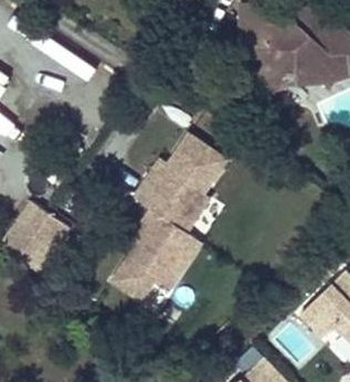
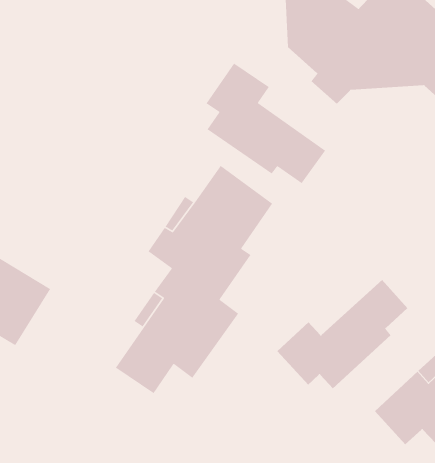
building: none -> [205,62,326,184]
building: none -> [277,279,408,389]

